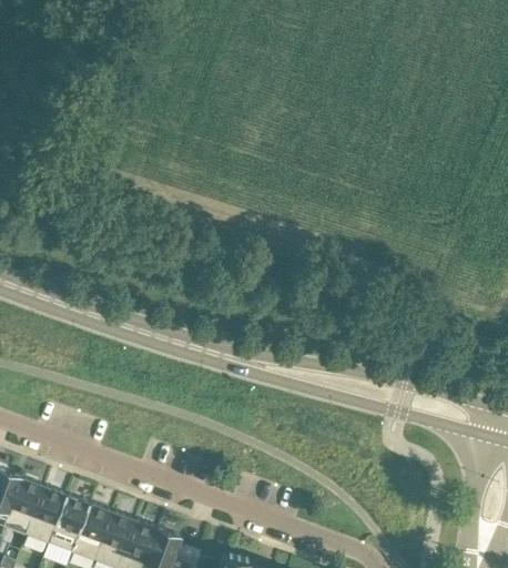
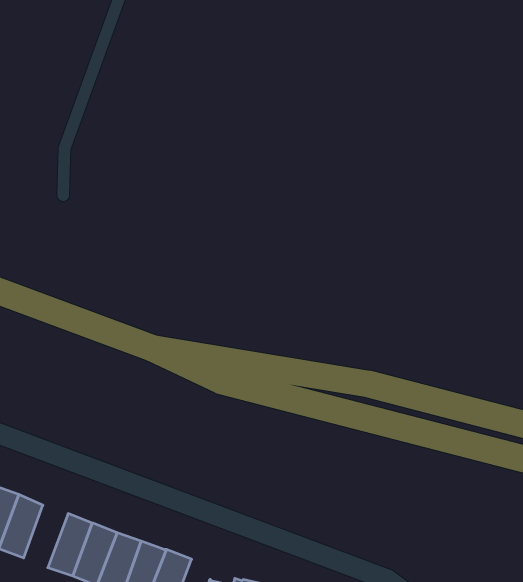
building: [37,494,78,551] -> none

